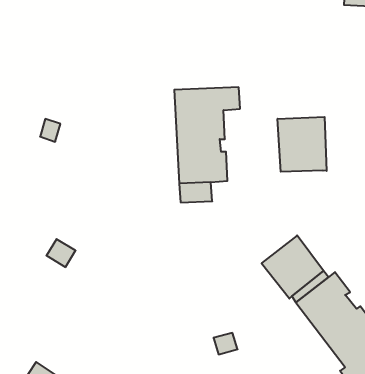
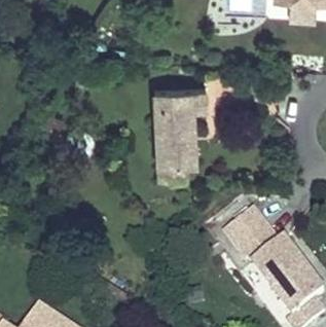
building: [278,117,327,172] -> none

